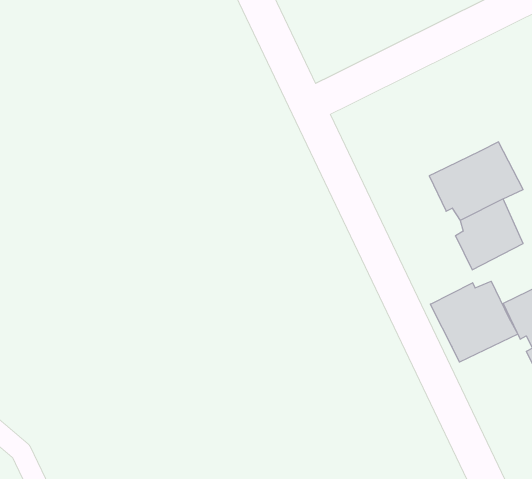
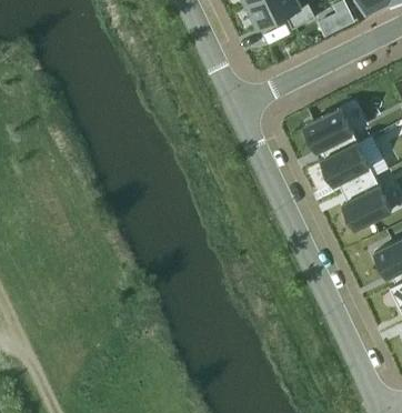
building: none -> [304,107,358,157]
building: [430,281,518,362] -> none

